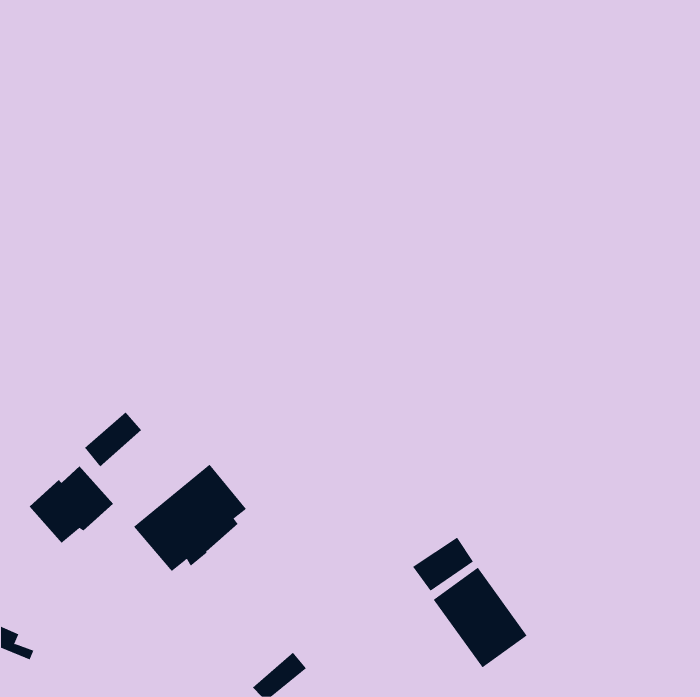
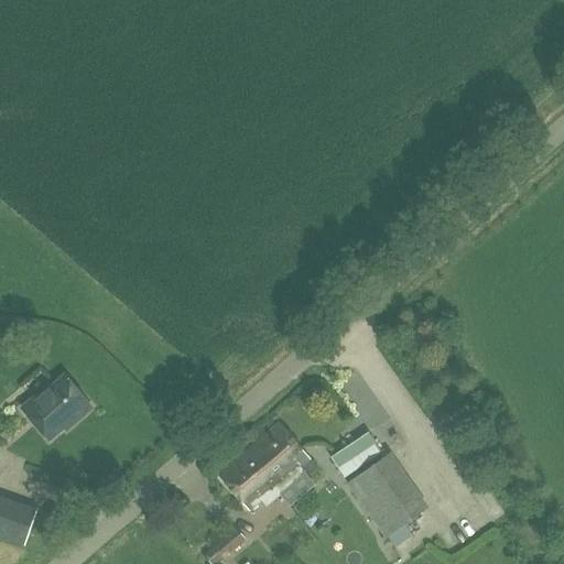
building: [84,412,142,467] -> none
building: [133,464,247,572] -> [220,421,312,508]

